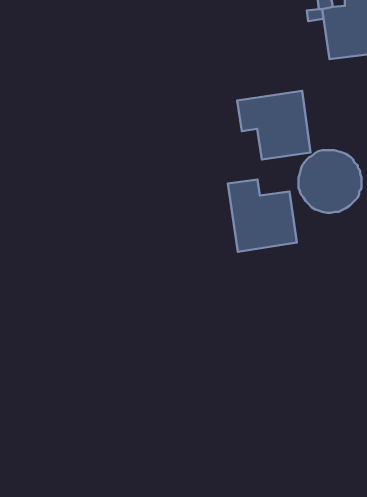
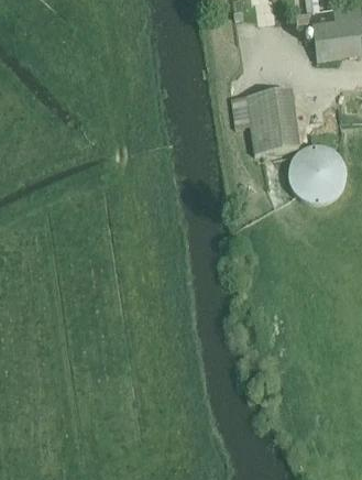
building: [228,179,297,252] -> none

